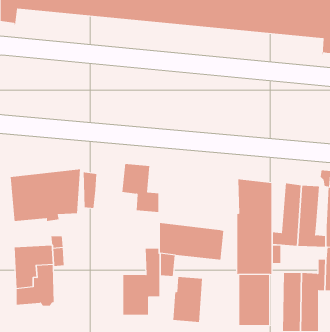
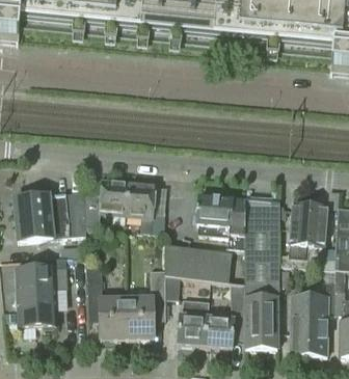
building: none -> [100,180,129,212]
building: none -> [196,194,245,234]
building: none -> [86,266,127,339]
building: none -> [206,296,245,347]

